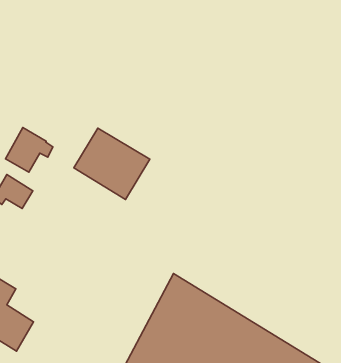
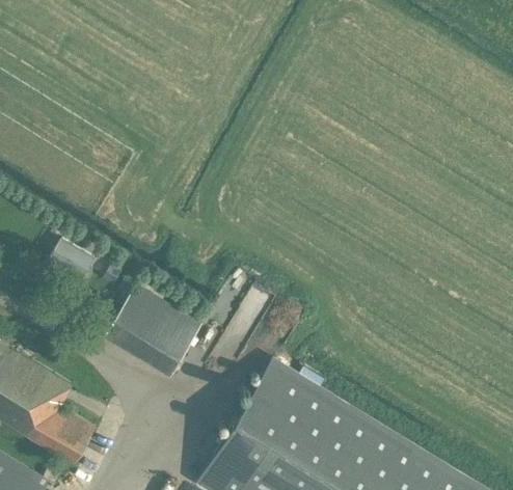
building: [6,127,53,172] -> none
building: [74,128,150,200] -> [103,280,200,372]

